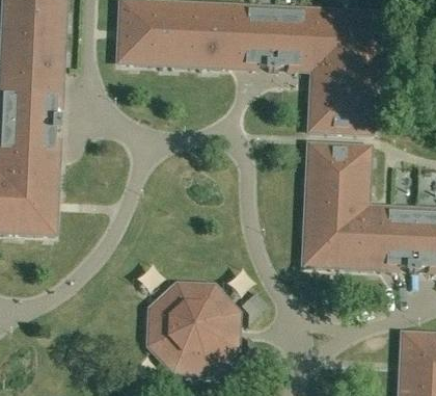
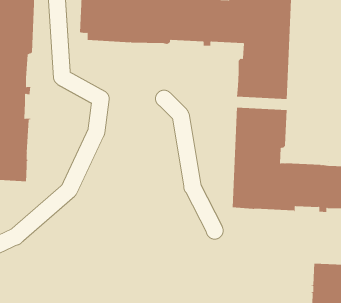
building: [146,283,238,374] -> none

